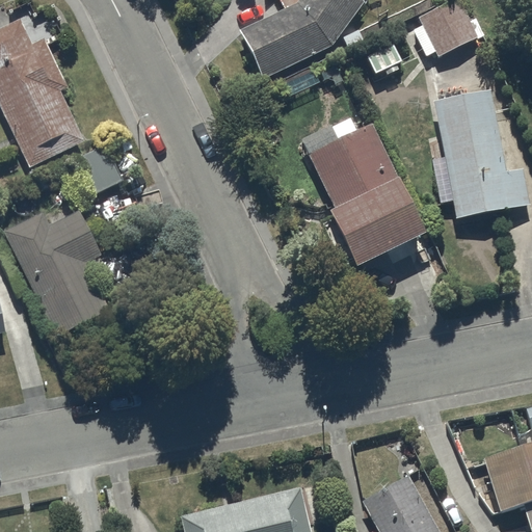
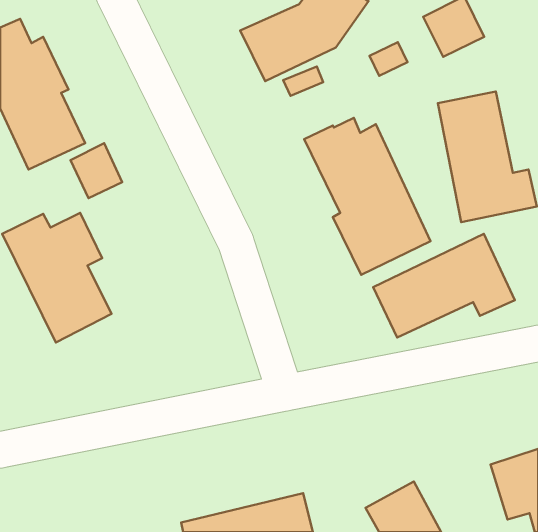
building: none -> [373,234,515,338]

